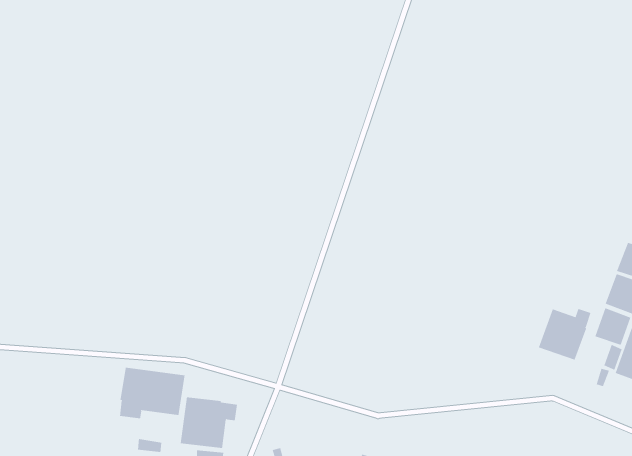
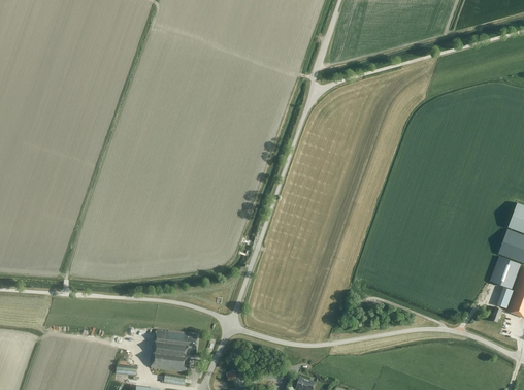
building: [538,308,591,360] -> none
building: [120,367,185,419] -> none

